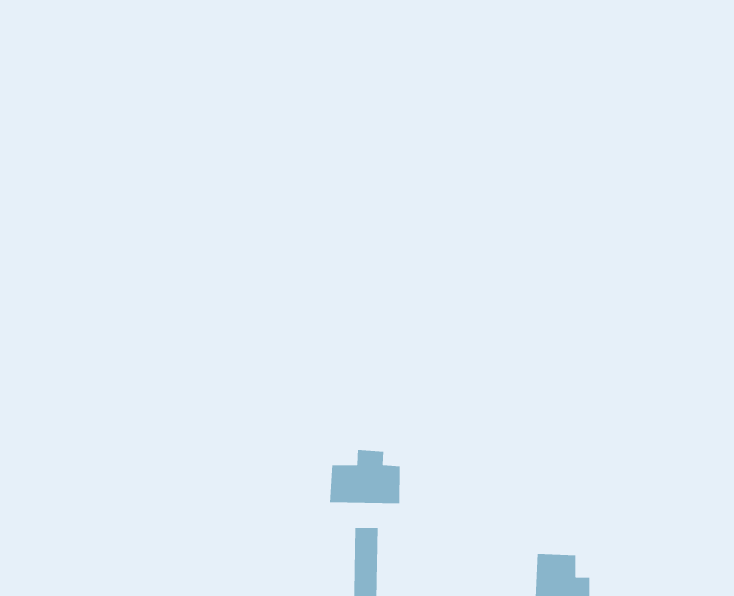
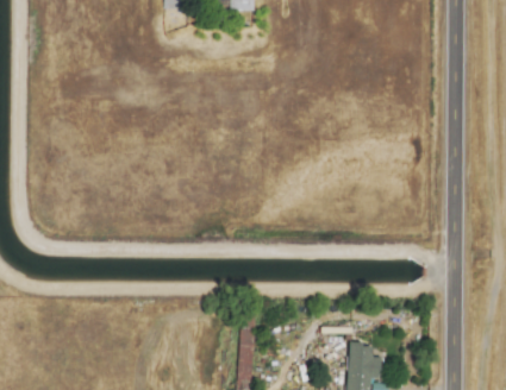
building: [330,449,400,504] -> none

